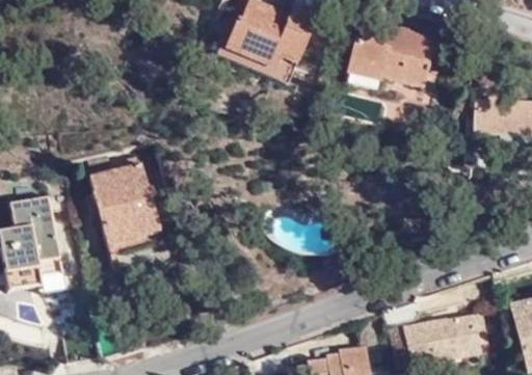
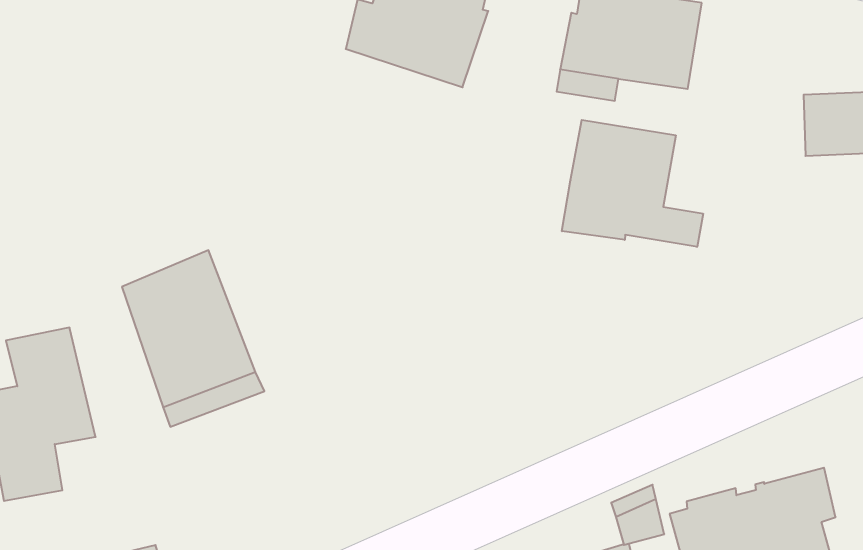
building: none -> [562,120,703,247]

